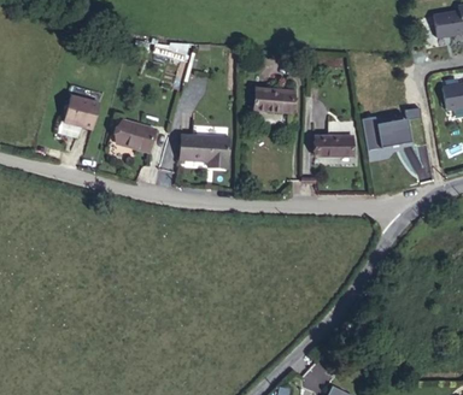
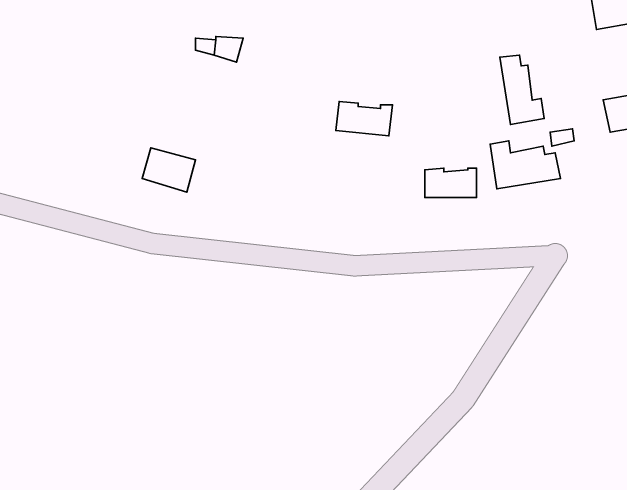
building: none -> [500,55,544,124]
building: [65,95,100,129] -> none
building: [181,135,230,167] -> none

